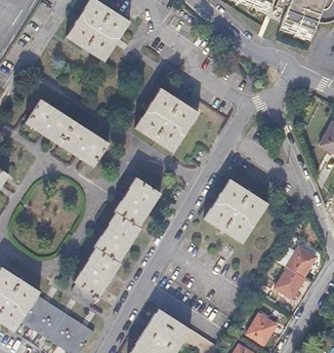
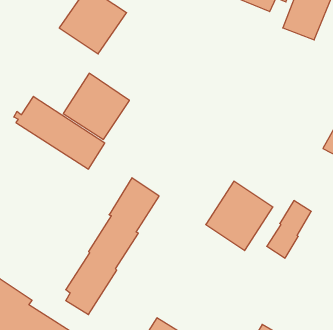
building: [134,85,197,148] -> [63,73,129,139]
building: [275,245,317,300] -> [267,201,311,258]

